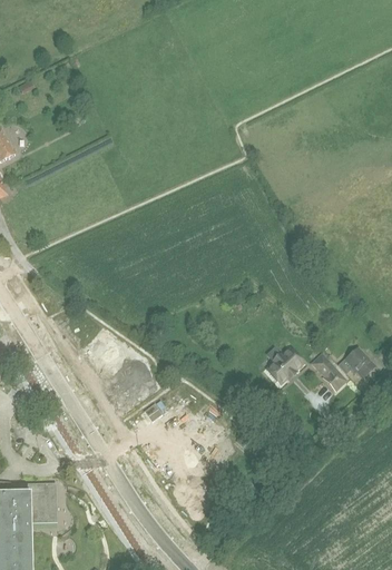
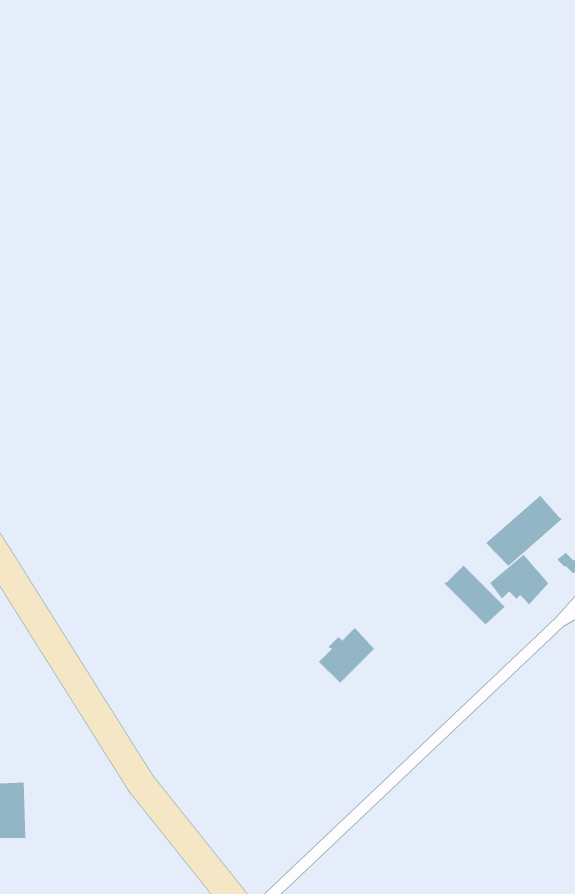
building: none -> [485,495,563,567]
building: [267,350,302,384] -> [318,627,375,684]

